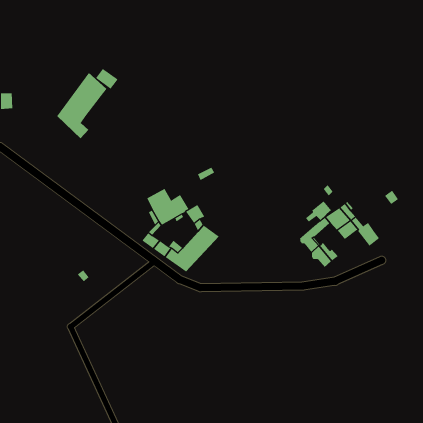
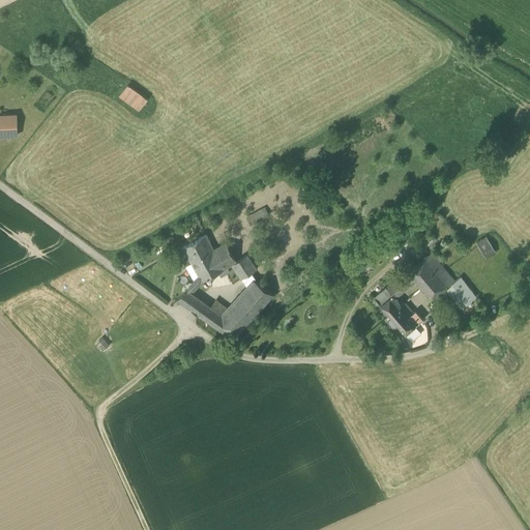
building: [56,72,107,139] -> none
building: [305,200,332,223] -> none

